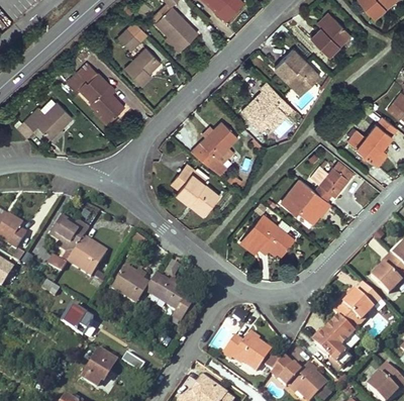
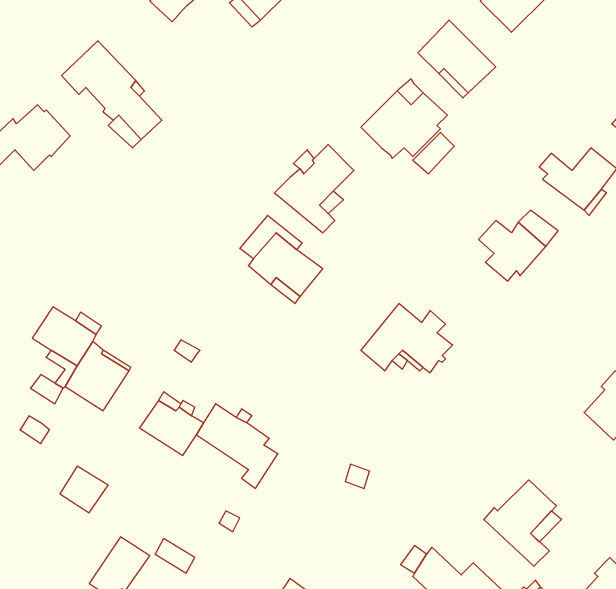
building: [124,45,161,85] -> none
building: [280,178,330,222] -> none
building: [333,283,381,330] -> none
building: [223,335,272,371] -> none

